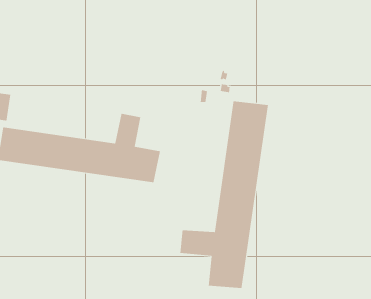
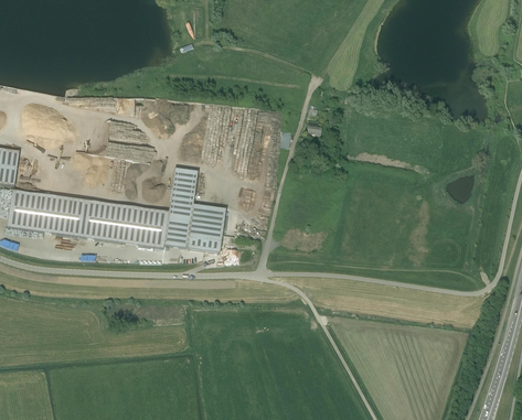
building: [180,101,269,289] -> none

